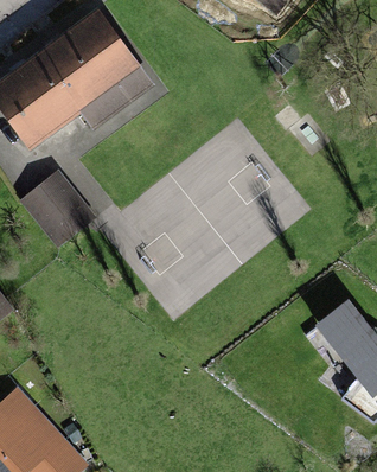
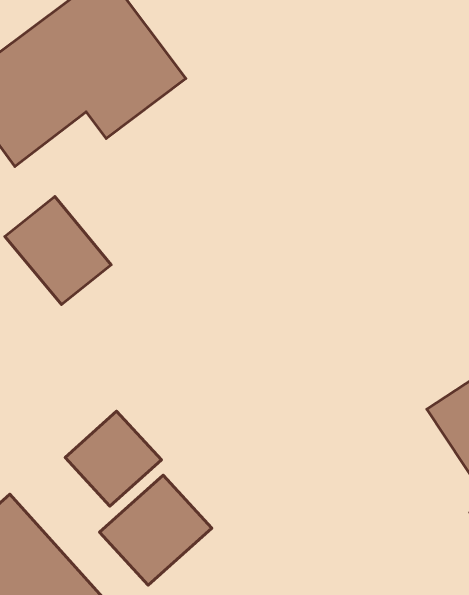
building: none -> [65,411,161,506]
building: none -> [99,475,212,585]

